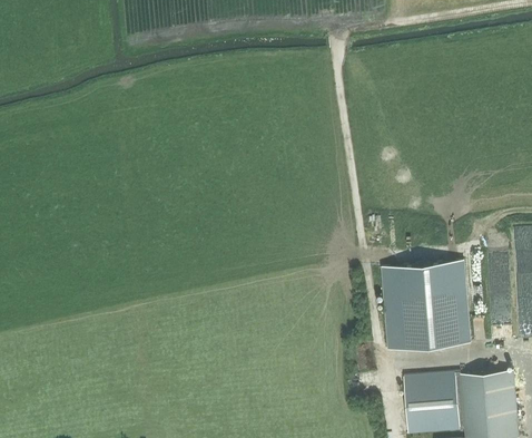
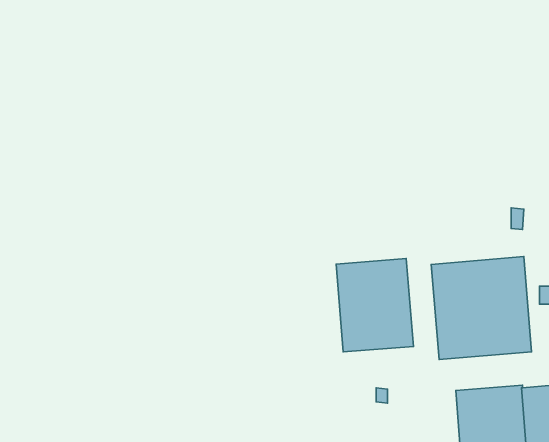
building: none -> [336,259,413,352]

